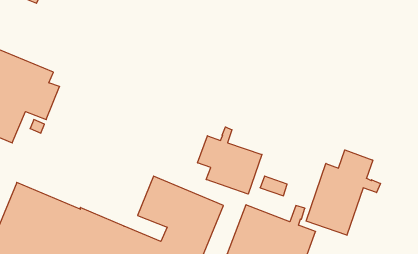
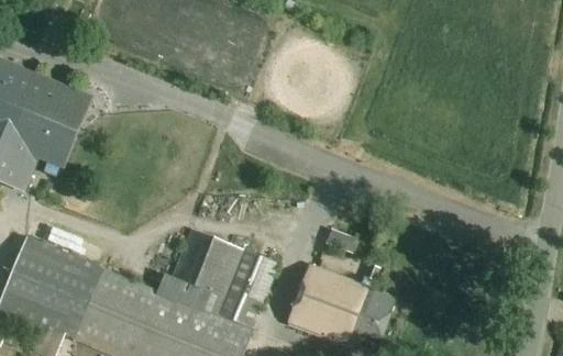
building: [198,127,262,194] -> none
building: [306,150,380,235] -> none

